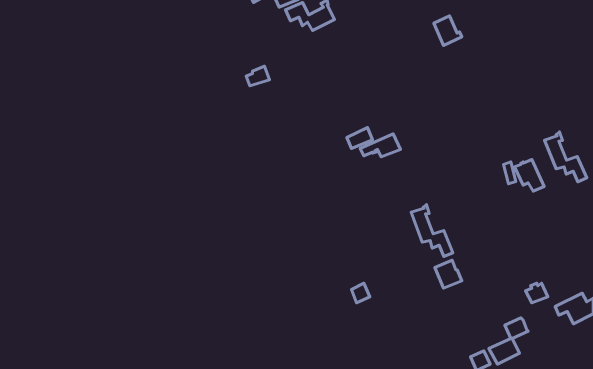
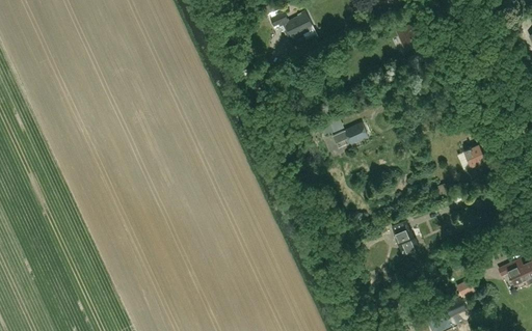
building: [544,132,587,182] -> none
building: [411,205,453,256] -> none

